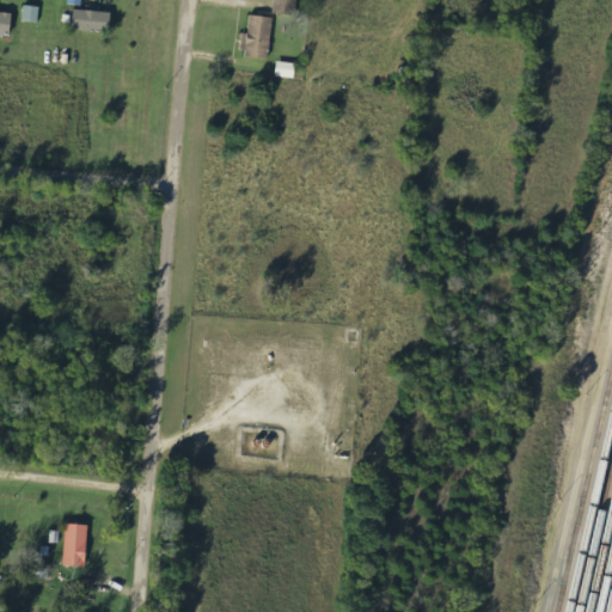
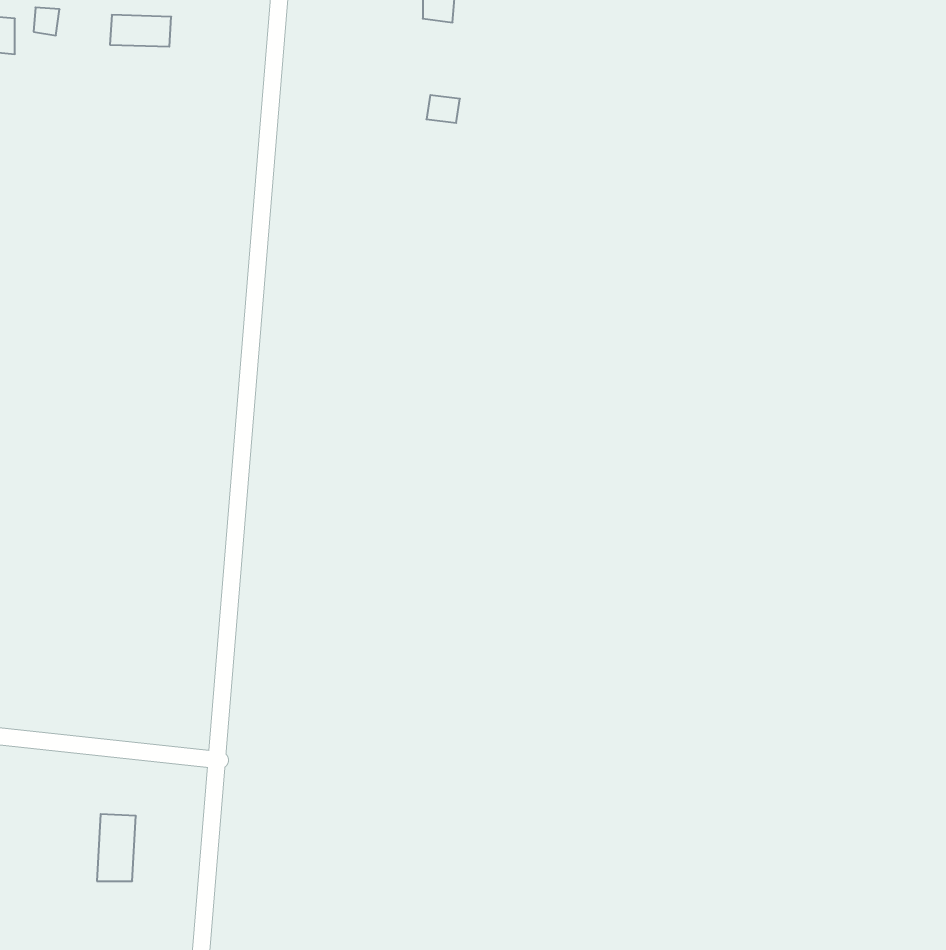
building: [240,14,270,59] -> none

